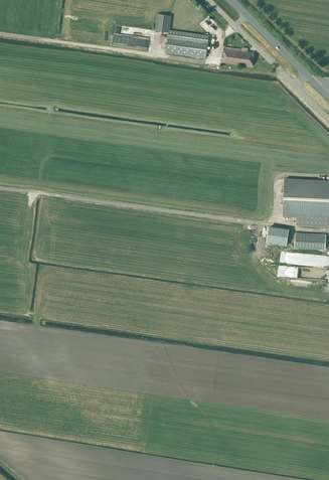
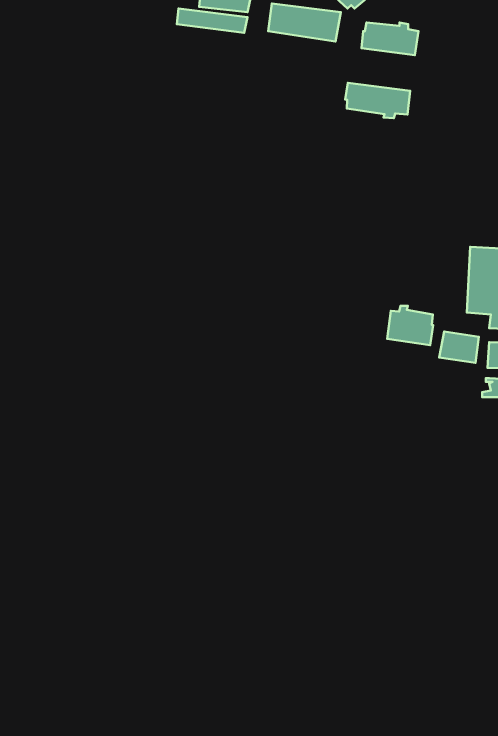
building: none -> [345,83,410,118]
building: none -> [387,306,433,345]

